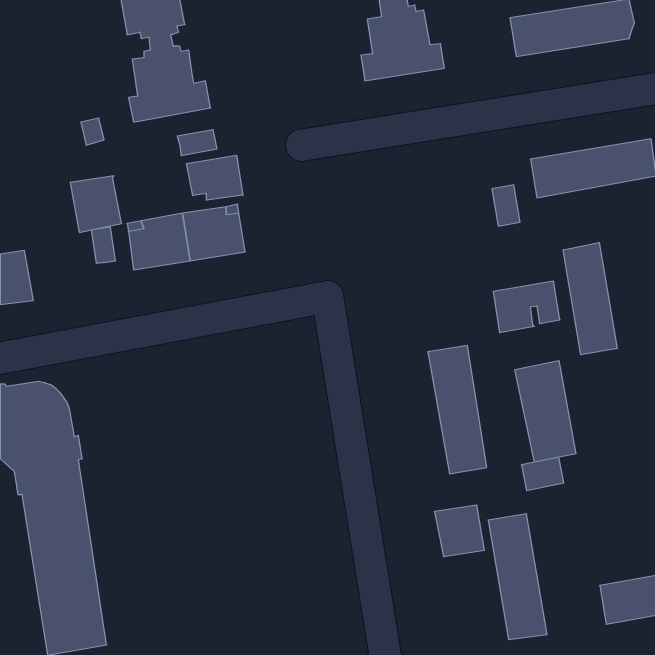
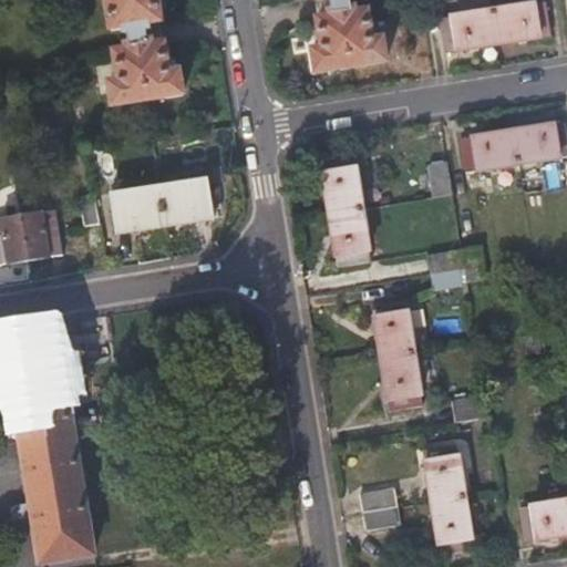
building: [187,155,243,200] -> none
building: [70,176,122,232] -> [22,210,66,259]
building: none -> [318,154,369,264]
building: [563,242,617,355] -> none
building: [515,361,576,462] -> none
building: [434,505,485,557] -> [358,487,401,532]

